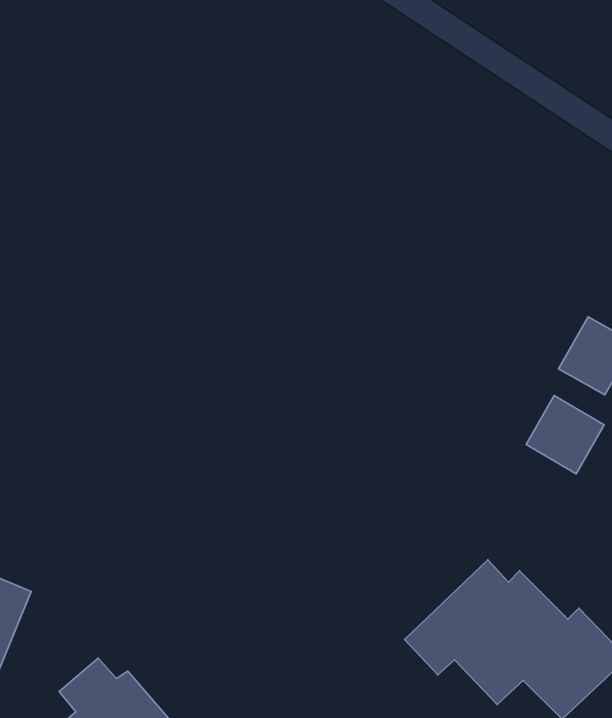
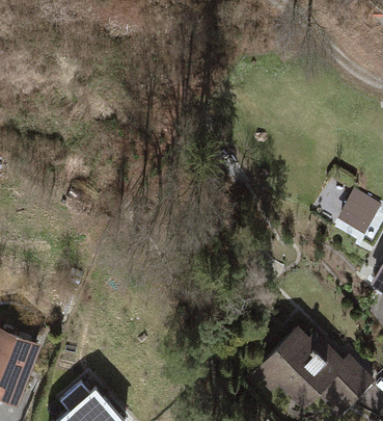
building: [526,396,604,474] -> none

